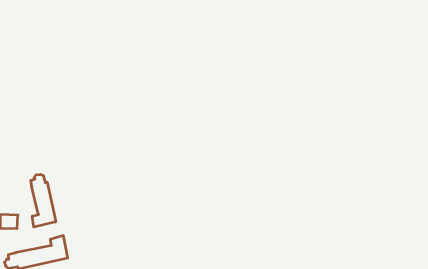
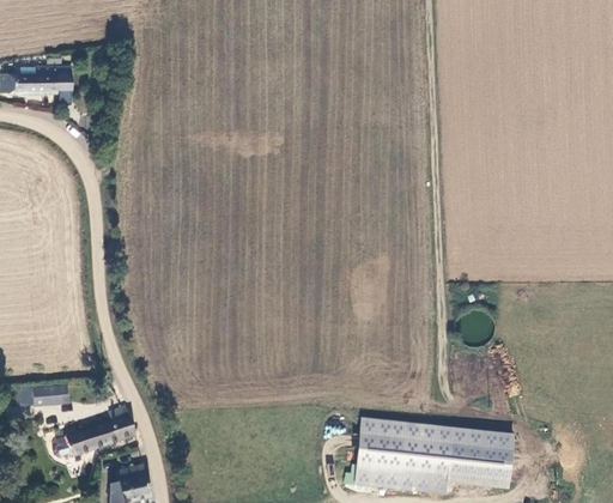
building: [31,174,56,227] -> none

